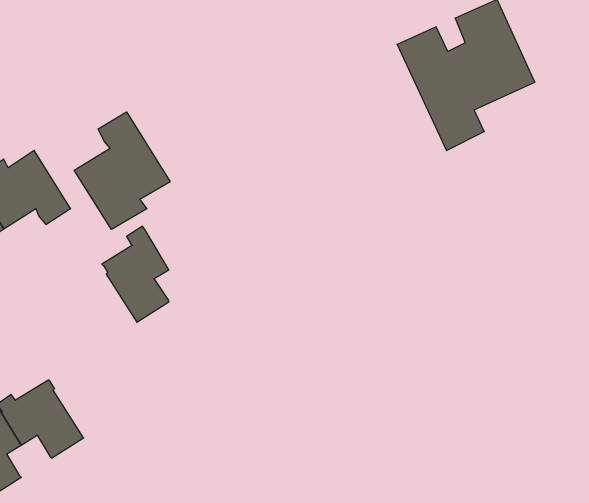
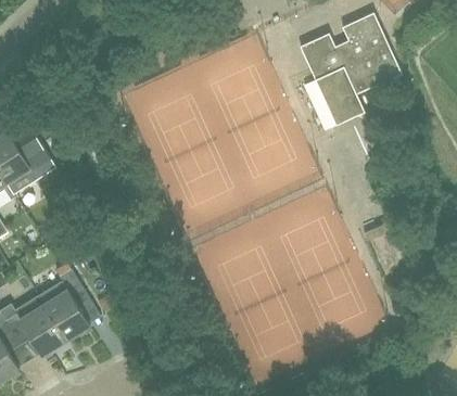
building: [74,112,170,229] -> none
building: [102,226,169,322] -> [38,269,88,341]

